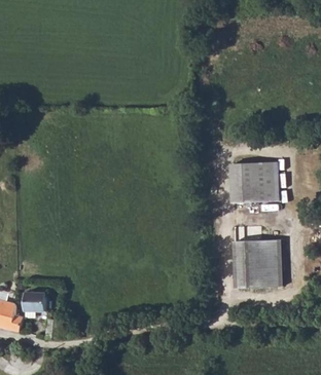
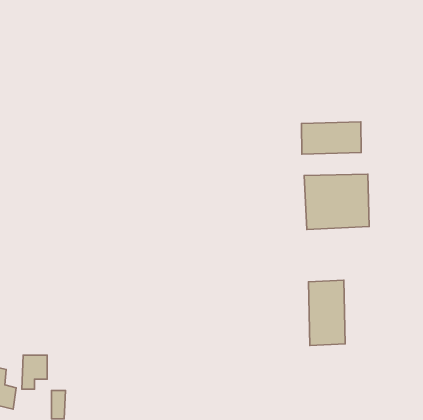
building: none -> [301,122,361,154]
building: [260,239,281,286] -> none

